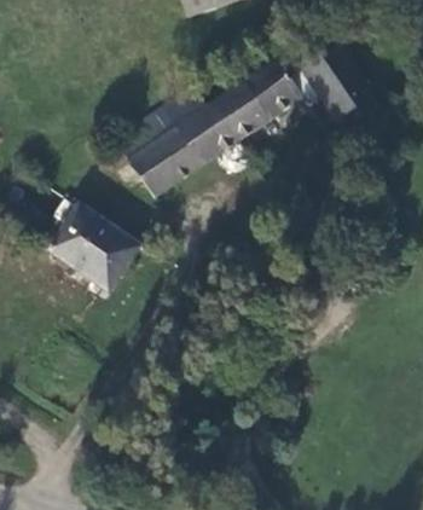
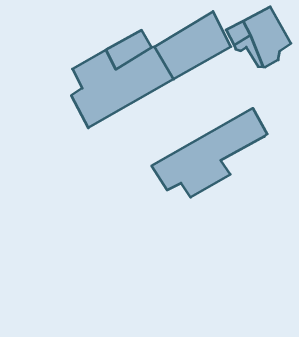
building: none -> [152,108,267,197]
building: [51,205,141,290] -> none

